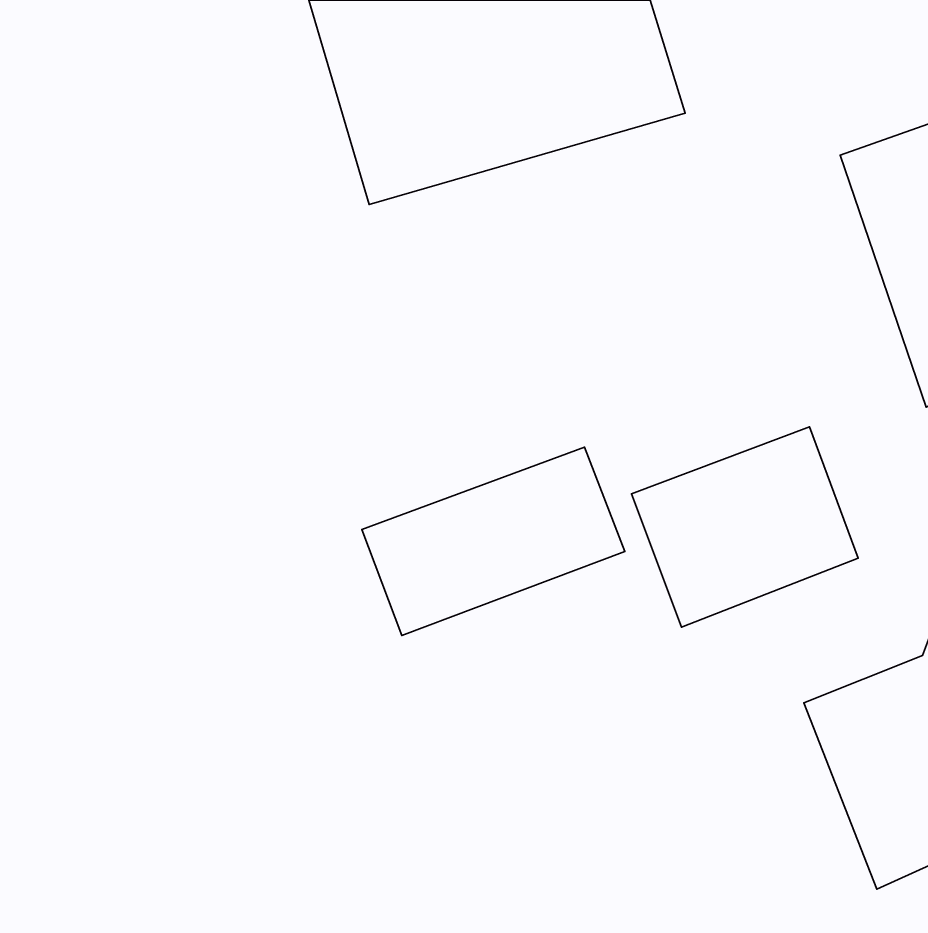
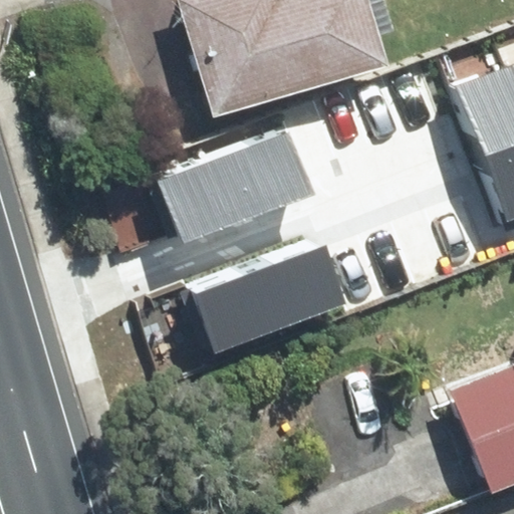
building: none -> [170,136,315,243]
building: [632,427,858,627] -> none

